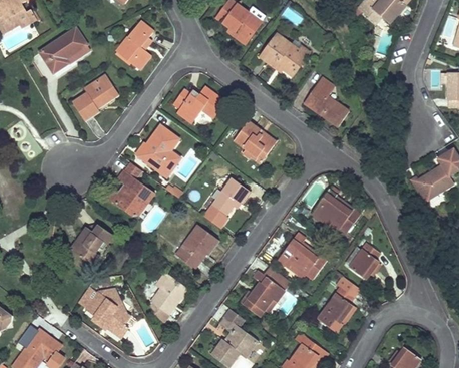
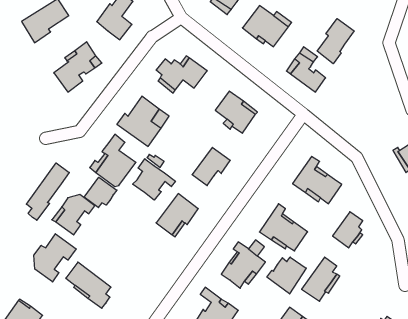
building: none -> [317,19,354,64]
building: none -> [133,159,175,200]
building: none -> [26,163,69,220]
building: none -> [84,177,117,208]
building: none -> [34,234,76,282]
building: [151,274,187,312] -> none
building: none -> [267,257,306,294]

